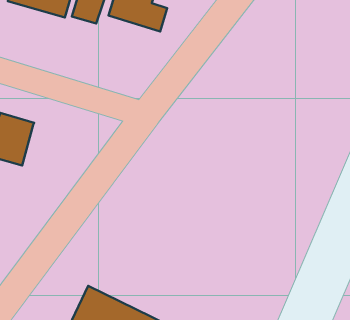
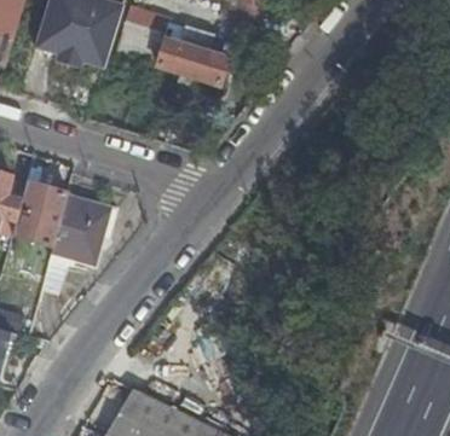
building: none -> [41,194,117,293]

